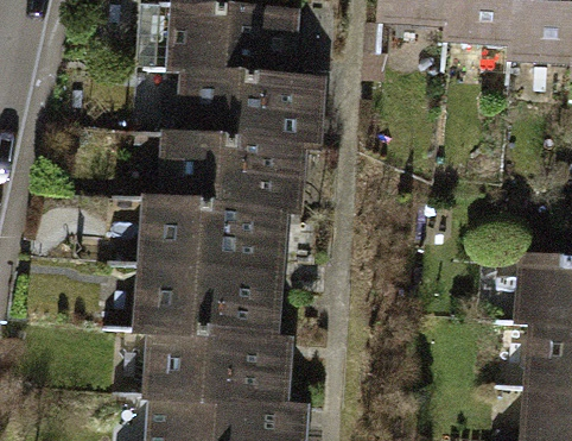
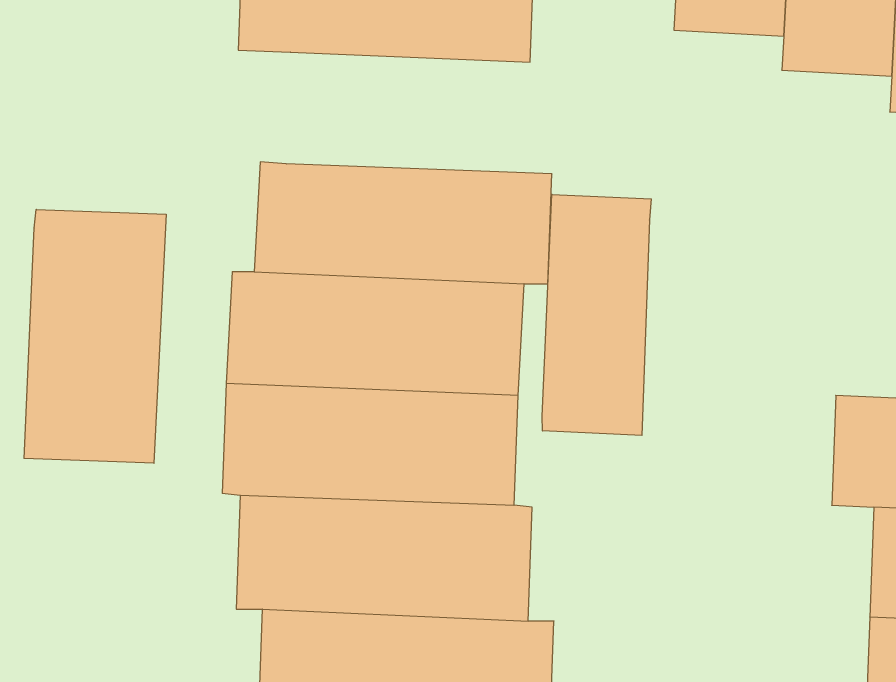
building: [172,57,348,131] -> none
building: none -> [542,194,651,435]
building: none -> [24,209,166,463]

